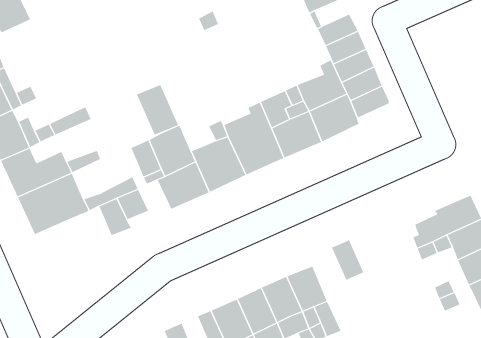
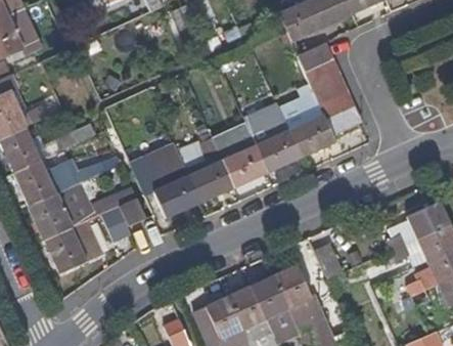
building: [136,84,179,135] -> none
building: none -> [46,221,103,272]

